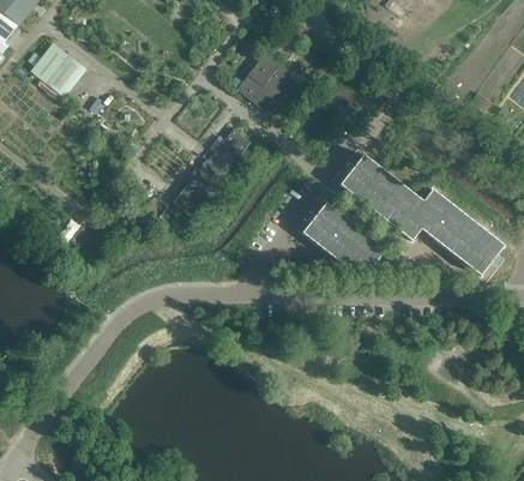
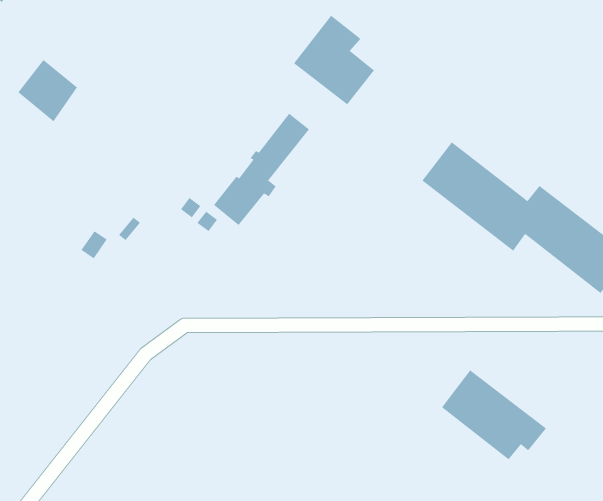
building: [35,46,83,96] -> [18,59,78,122]
building: [300,203,384,275] -> [441,370,547,460]

